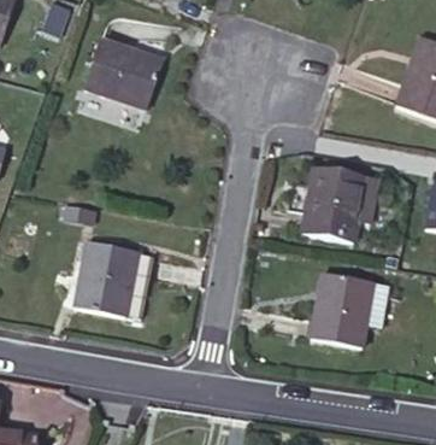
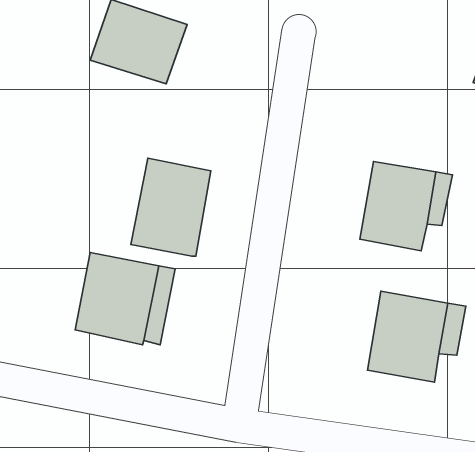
building: none -> [131,158,211,256]

